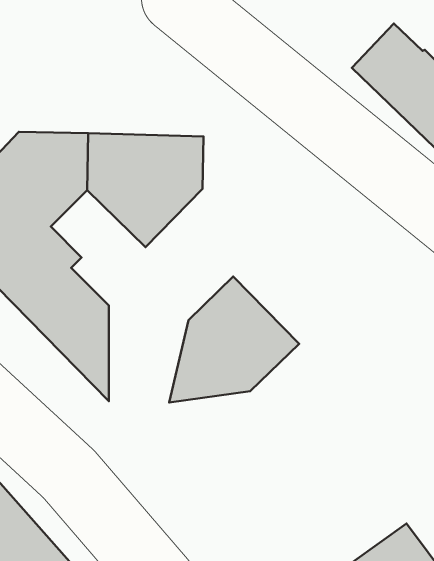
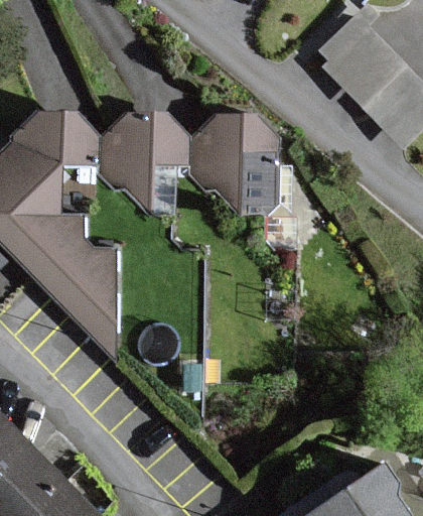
building: none -> [194,122,304,218]
building: [169,277,299,402] -> none

